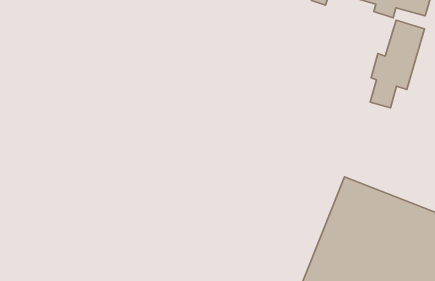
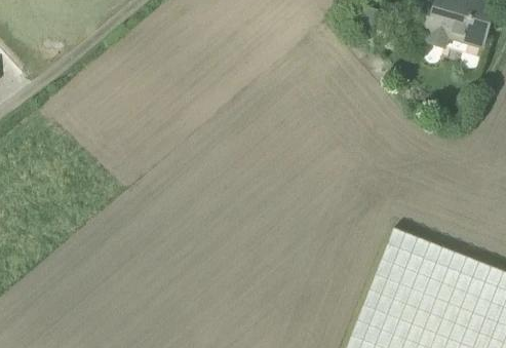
building: [370,20,425,108] -> none

